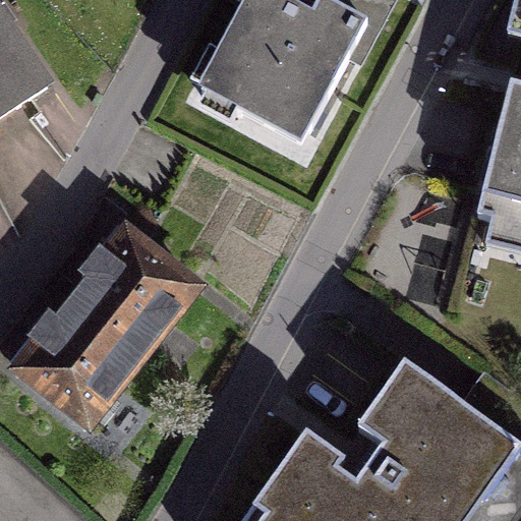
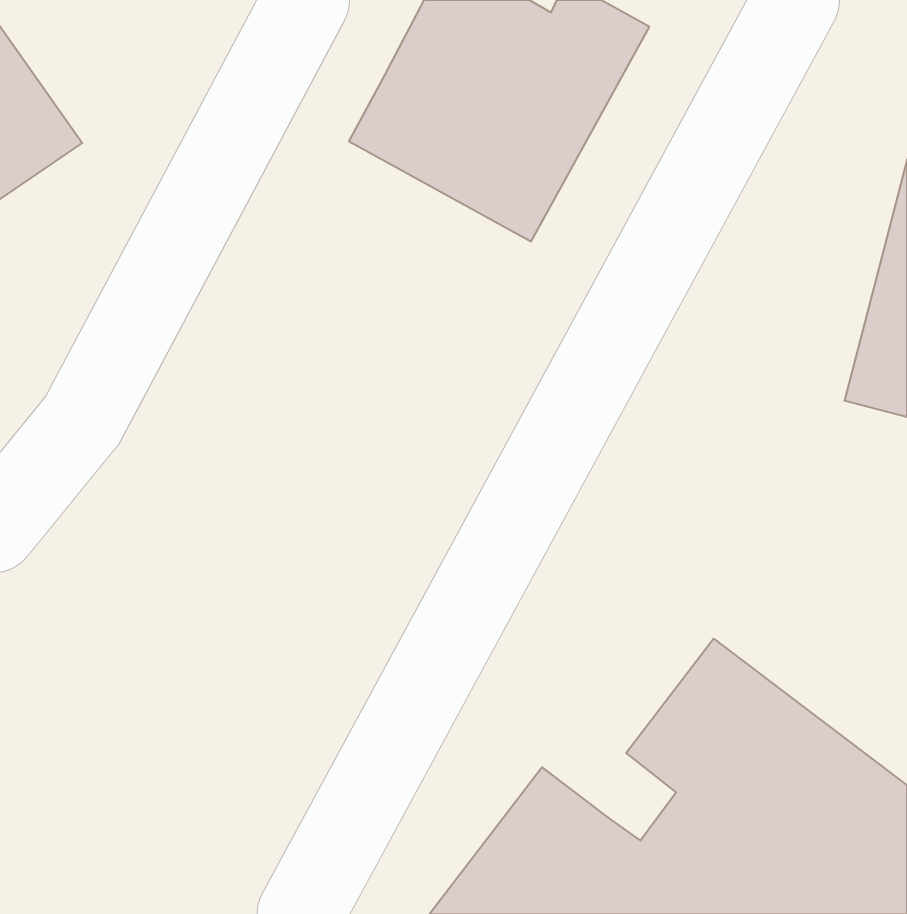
building: [16,232,191,424] -> none

